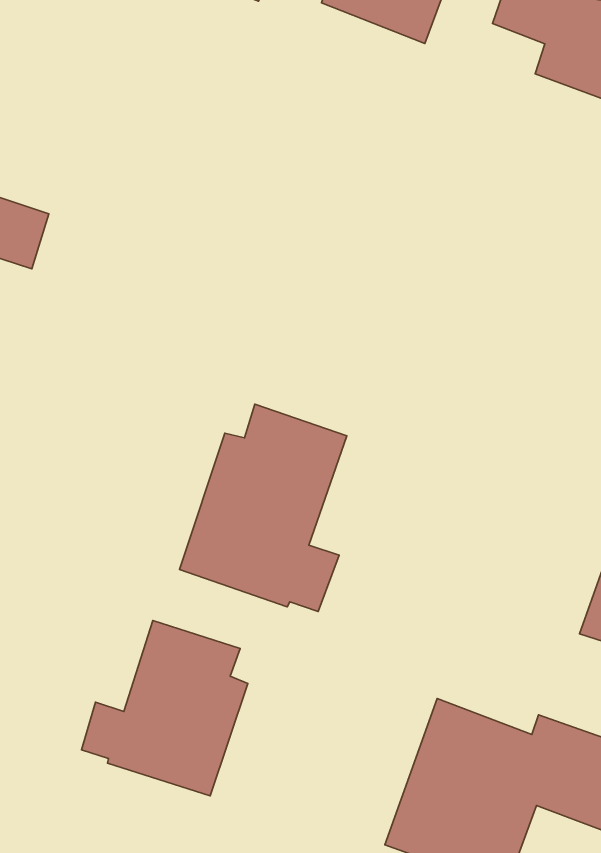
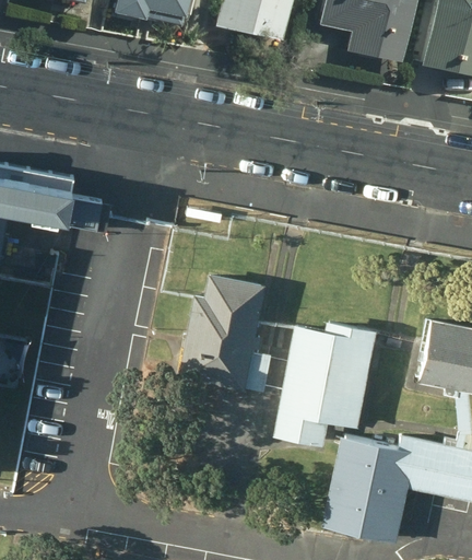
building: none -> [275,317,376,442]
building: [82,620,248,796] -> none

